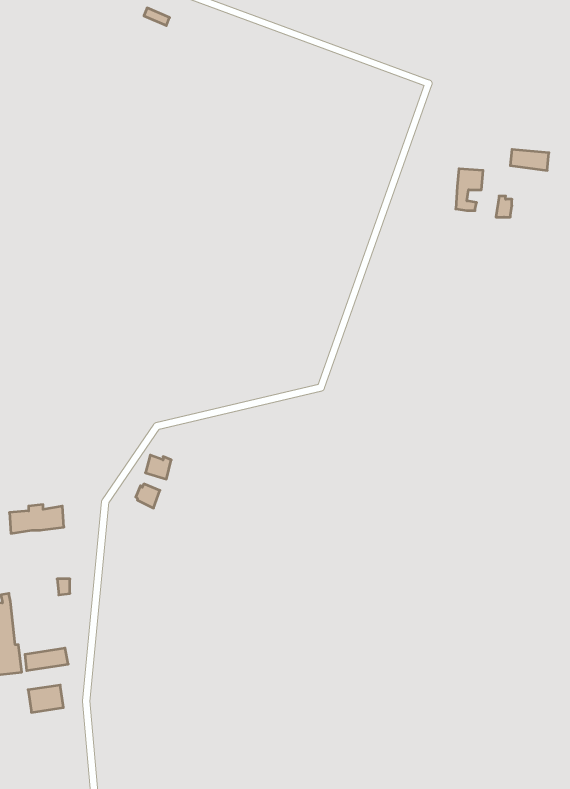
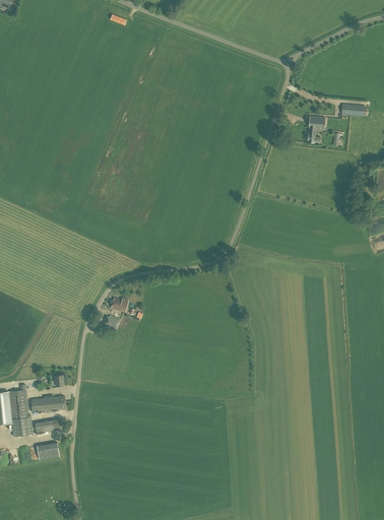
building: [9,505,64,533] -> [29,394,64,412]

